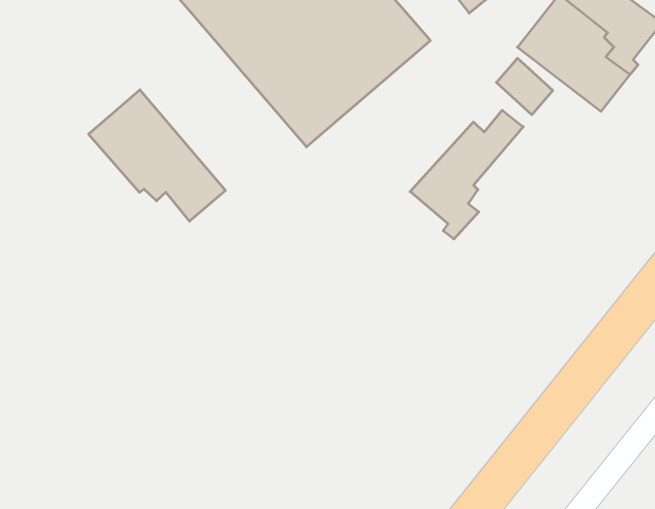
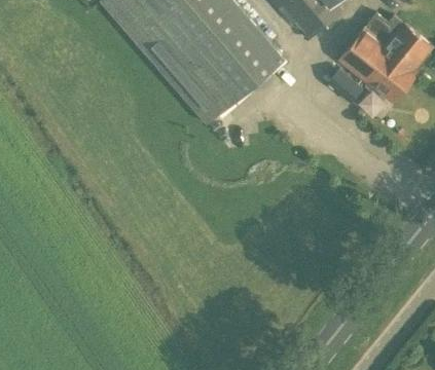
building: [89,90,225,221] -> none
building: [410,110,523,239] -> none

